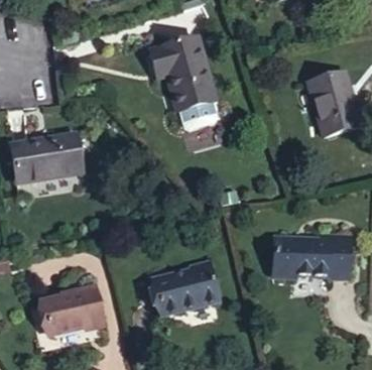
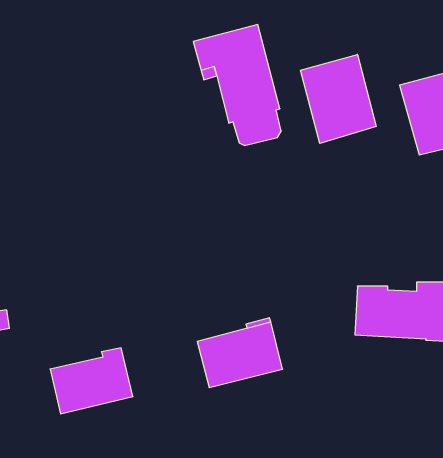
building: none -> [300,54,376,143]
building: [10,133,82,182] -> none

